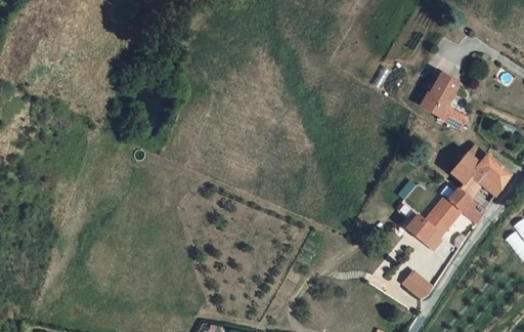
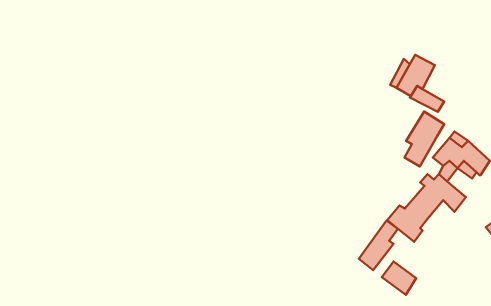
building: none -> [404,112,444,166]
building: none -> [359,221,398,270]

